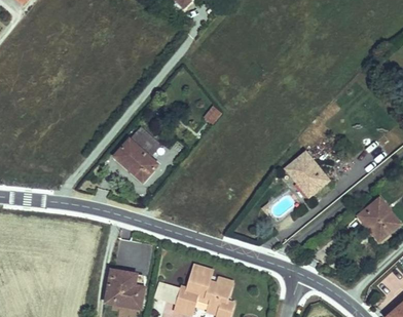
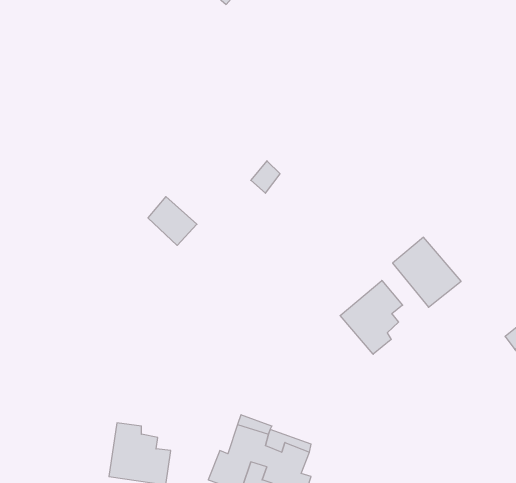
building: [116,141,156,179] -> none
building: none -> [340,280,403,354]

